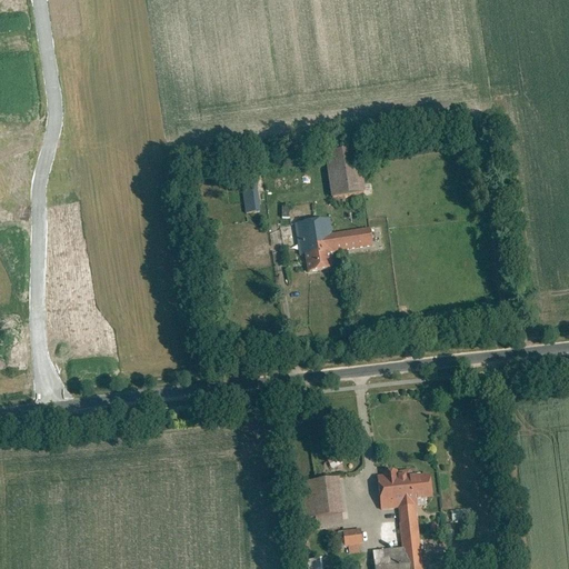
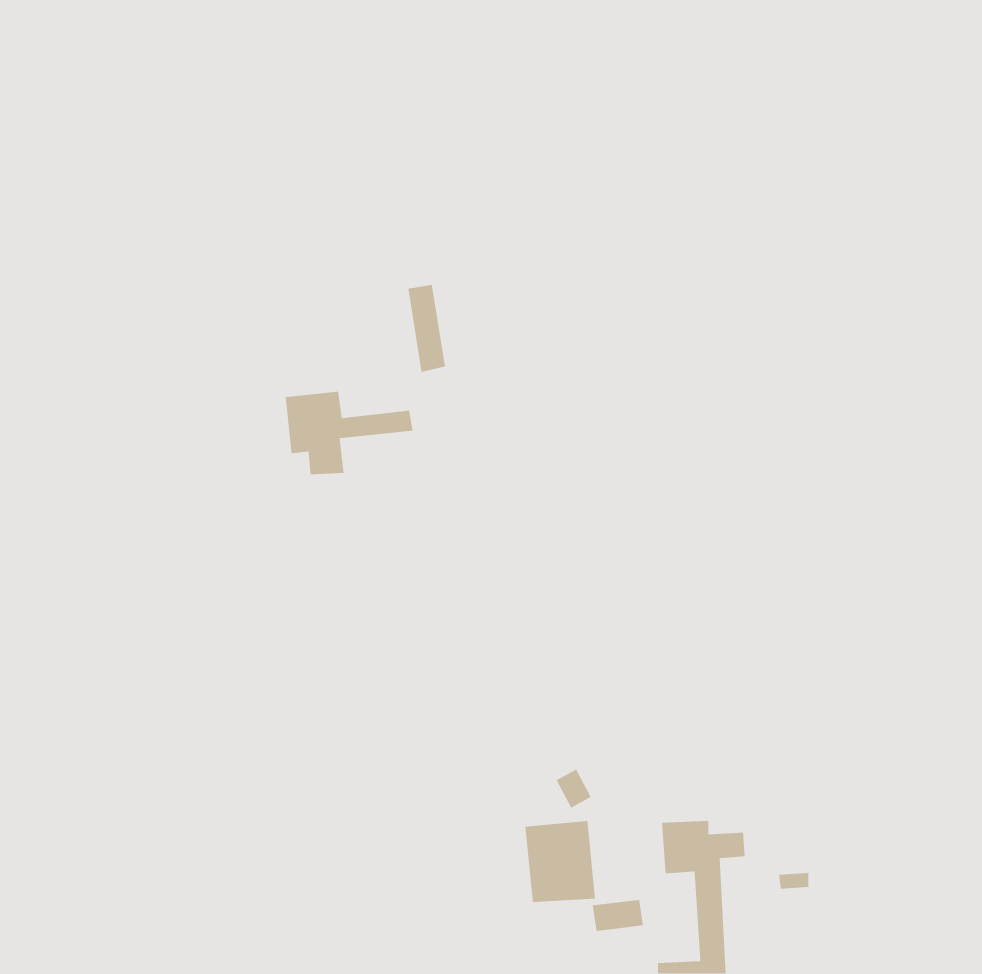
building: [325,146,358,196] -> none
building: [297,219,371,268] -> [285,391,414,475]

